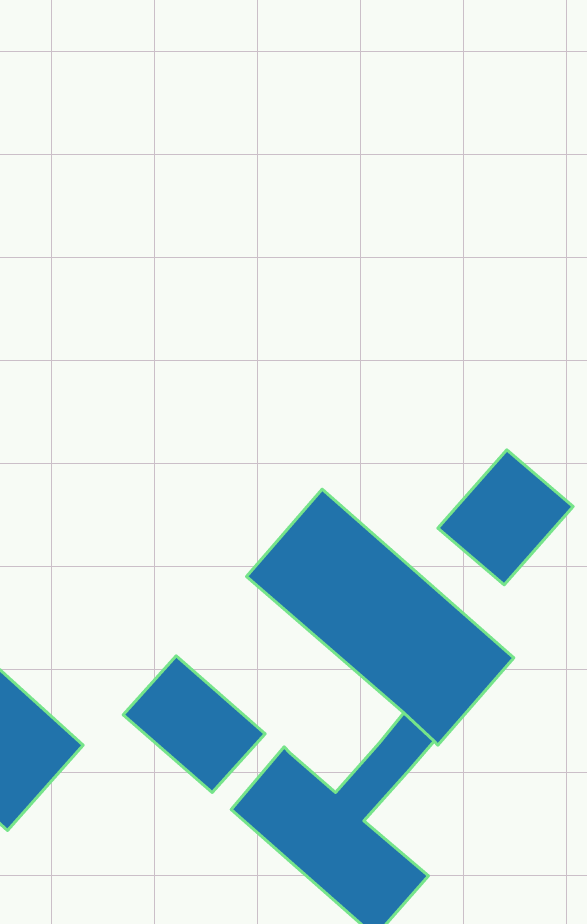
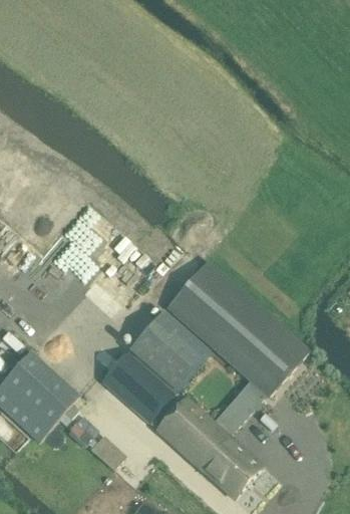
building: [438,450,573,585] -> none
building: none -> [129,310,211,391]

